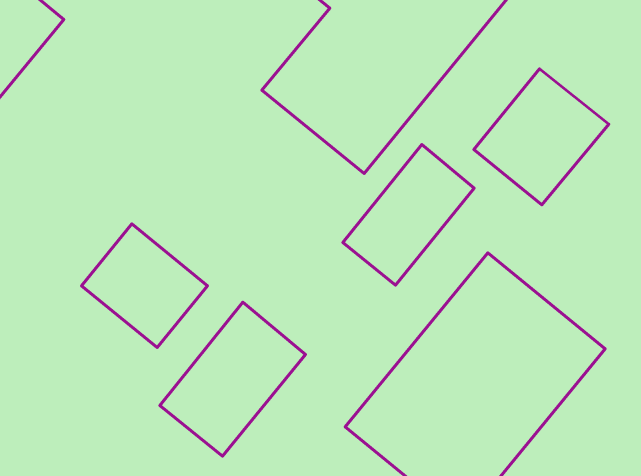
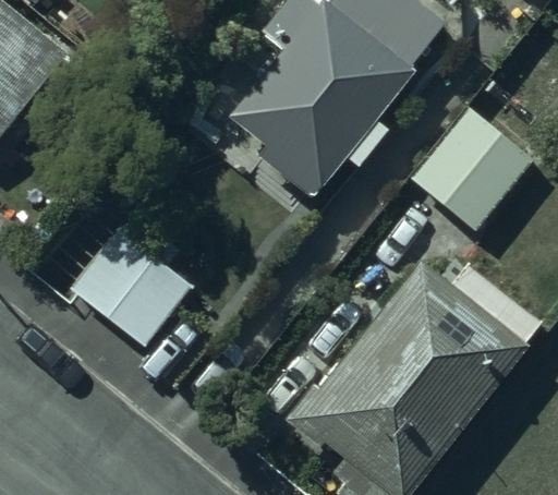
building: [343,145,474,285] -> none
building: [160,302,306,456] -> none

